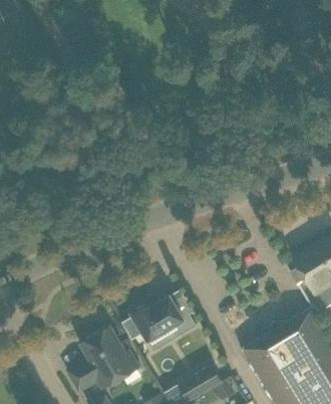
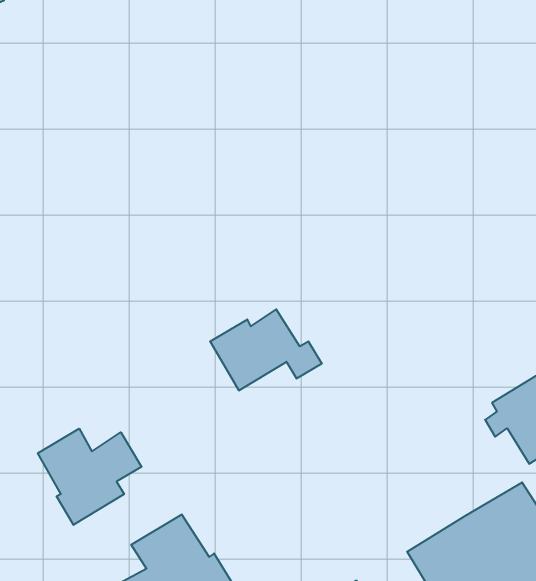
building: none -> [38,429,142,525]
building: [131,295,198,344] -> [210,309,322,390]

